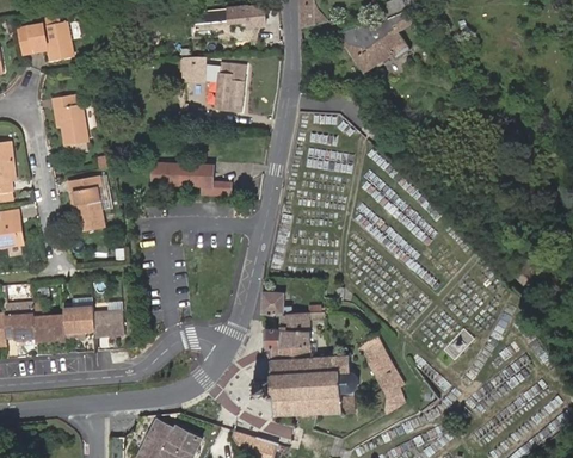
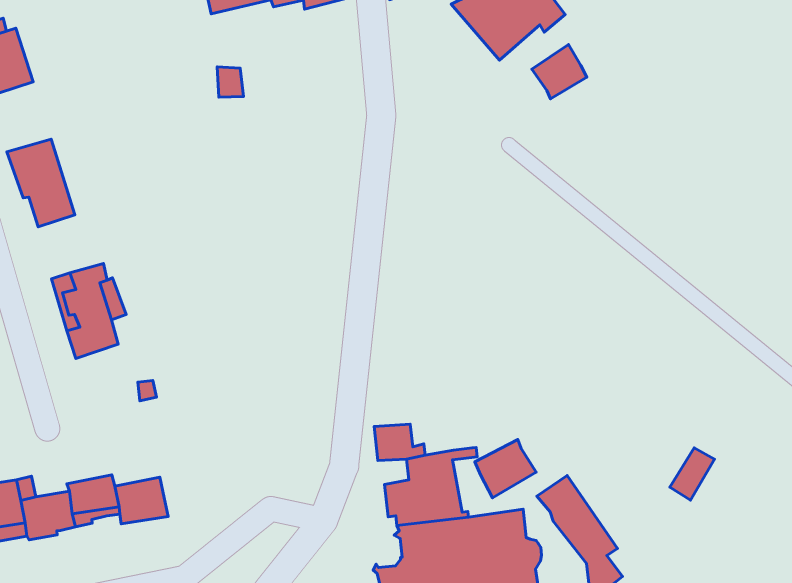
building: [215,62,246,112] -> none
building: none -> [532,45,587,99]
building: [150,162,229,196] -> none
building: none -> [475,439,536,498]

